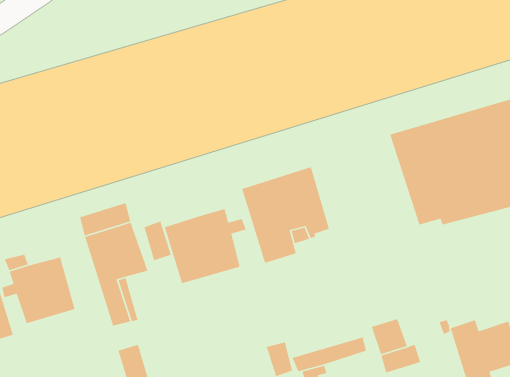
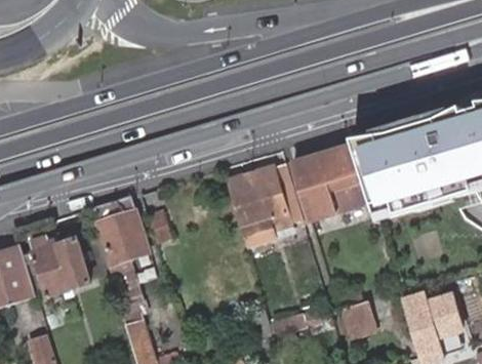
building: none -> [294,145,370,220]
building: [164,208,247,284] -> none

